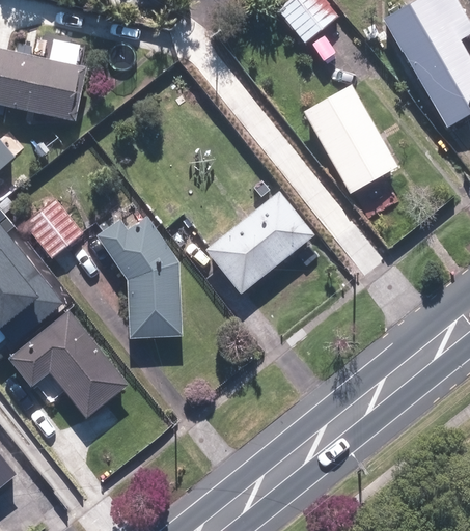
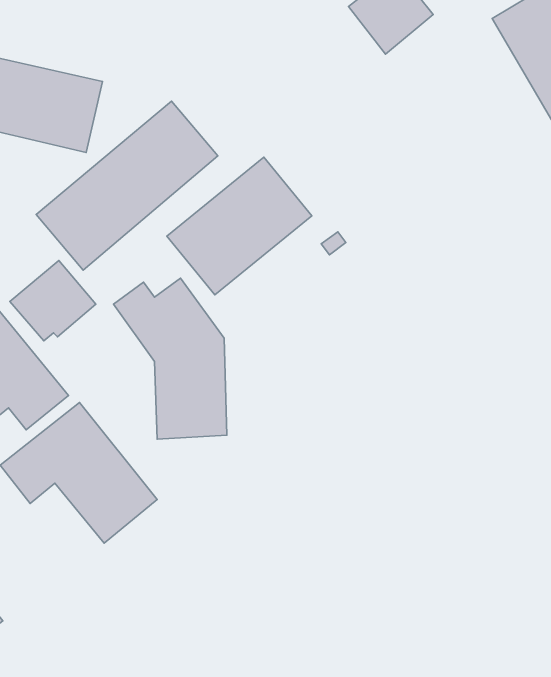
building: none -> [36,101,218,270]
building: [305,83,398,193] -> none
building: [204,189,314,294] -> [167,157,312,295]

